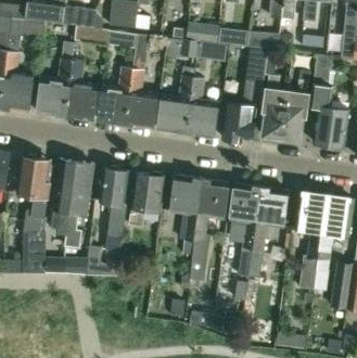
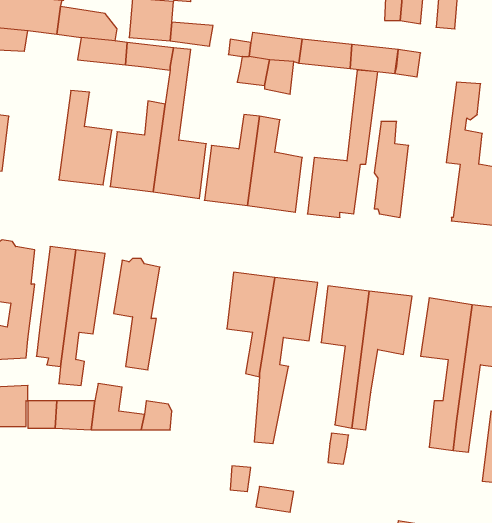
building: [37,42,74,117] -> none
building: [280,84,309,142] -> none
building: [128,172,164,227] -> none

